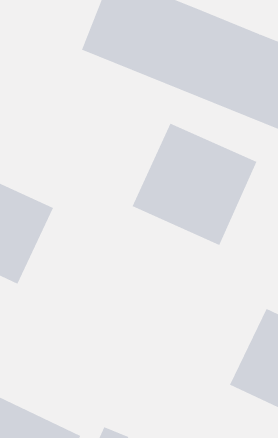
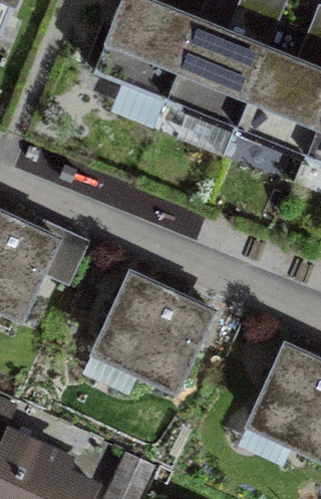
building: [132,123,257,246] -> none
building: none -> [95,272,219,393]

